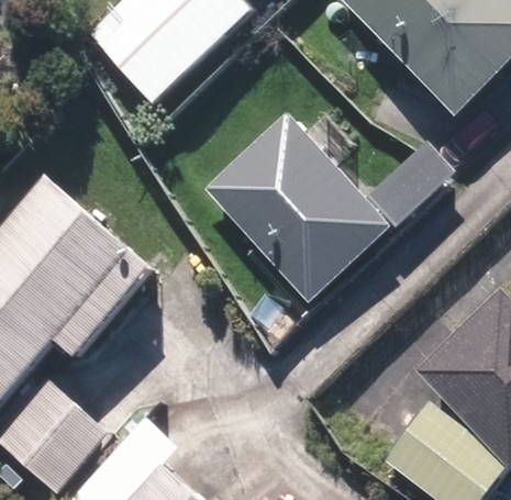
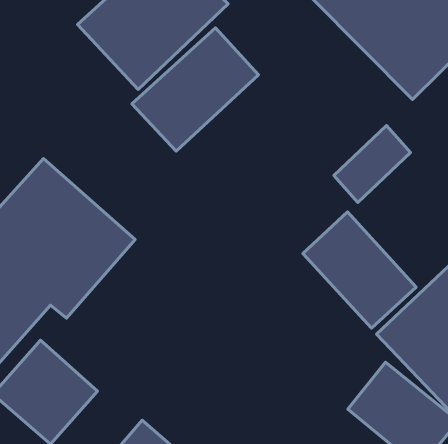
building: none -> [132,28,259,151]
building: [205,113,388,300] -> none
building: none -> [303,212,416,328]

